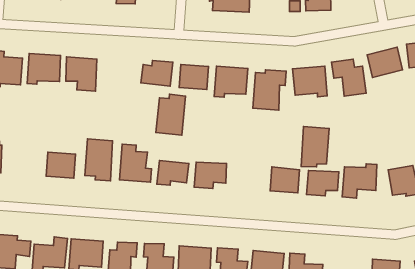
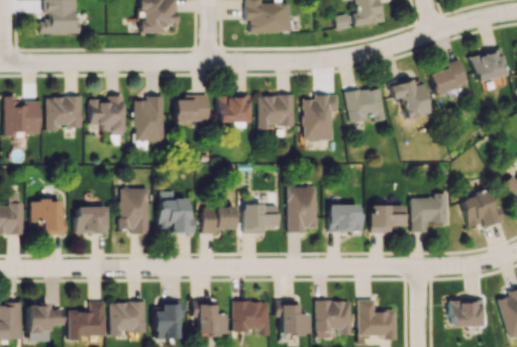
building: [156,94,186,135] -> [135,96,166,141]
building: [301,127,329,167] -> [289,188,318,233]
building: none -> [32,200,67,234]

